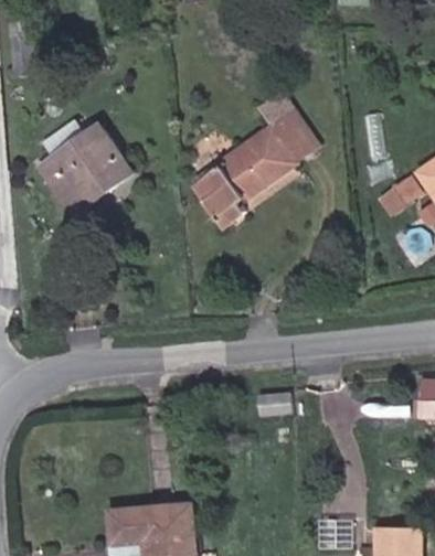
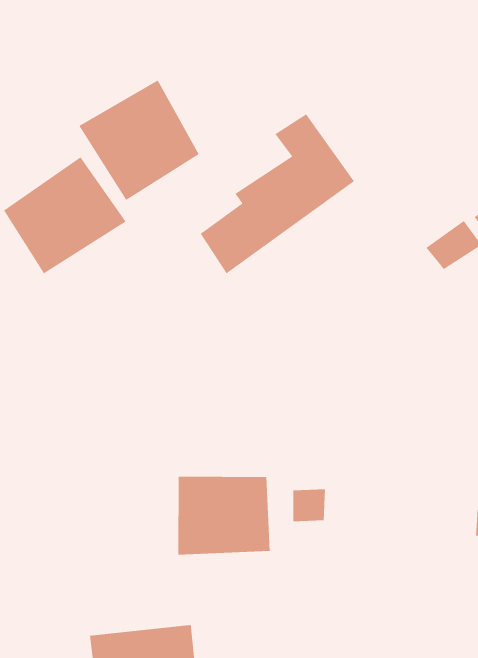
building: none -> [79,79,200,201]
building: none -> [178,476,270,555]

